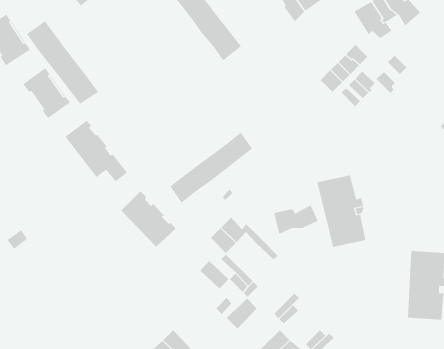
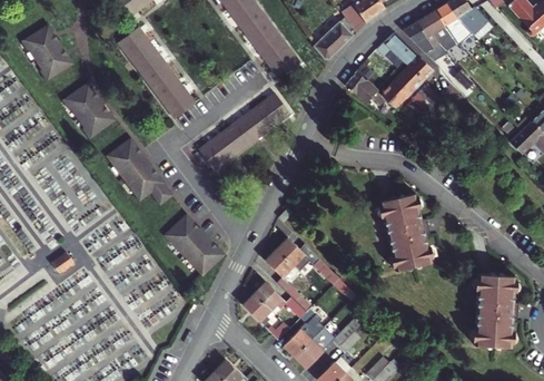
building: none -> [315,18,354,59]
building: none -> [402,22,446,60]
building: [26,20,99,105] -> [117,28,194,117]
building: none -> [378,33,418,66]
building: none -> [345,72,387,109]
building: [170,132,253,203] -> [199,91,287,167]
building: [273,205,318,234] -> none
building: none -> [241,296,275,329]
building: none -> [294,336,327,369]

